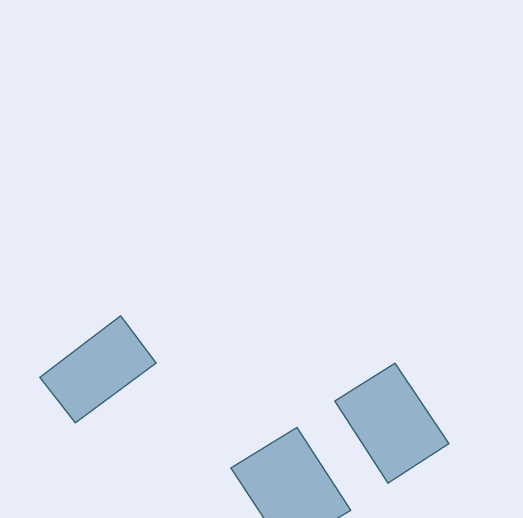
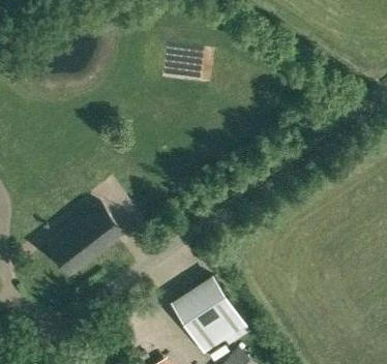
building: [335,363,449,483] -> none

